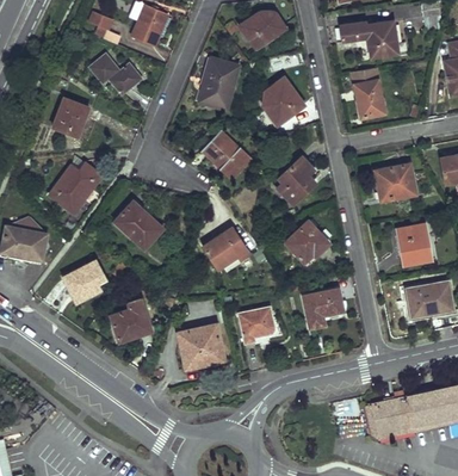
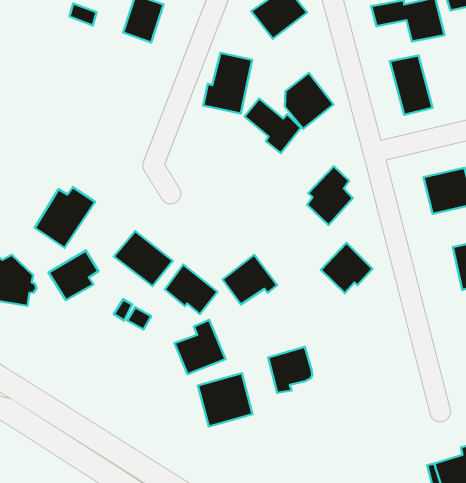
building: [88,54,141,89] -> none
building: [51,98,87,136] -> none
building: [203,132,249,179] -> [244,98,301,153]
building: none -> [165,264,218,314]
building: [62,259,104,299] -> [48,250,99,300]
building: [303,289,342,327] -> none
building: [110,297,151,341] -> [175,320,226,374]

